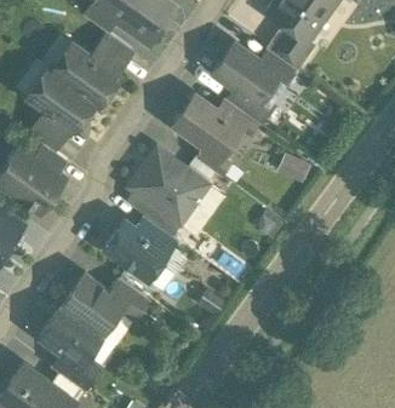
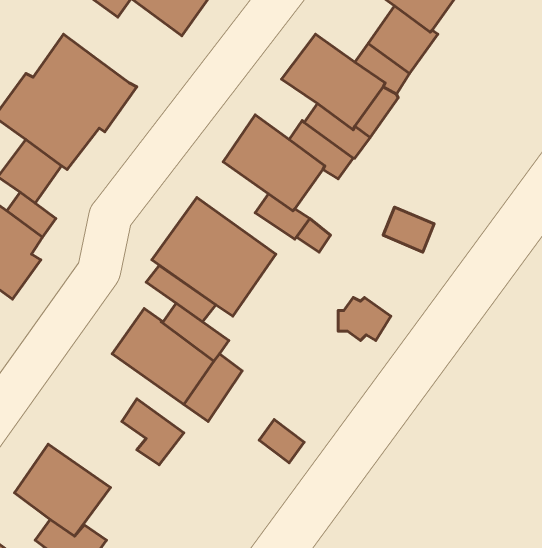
building: [91,33,132,74] -> none
building: [62,275,125,334] -> none

